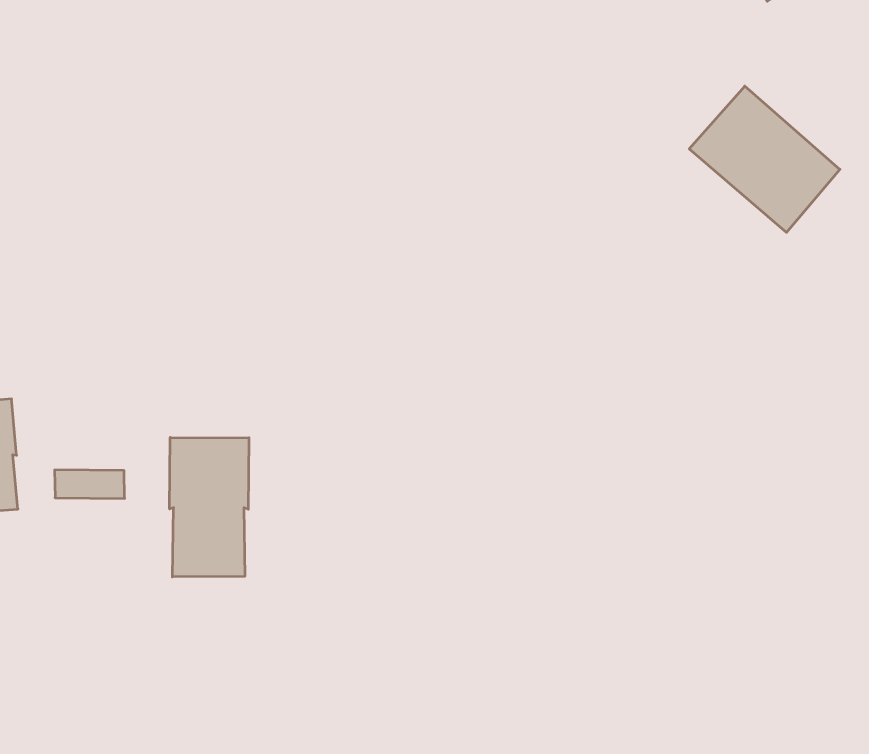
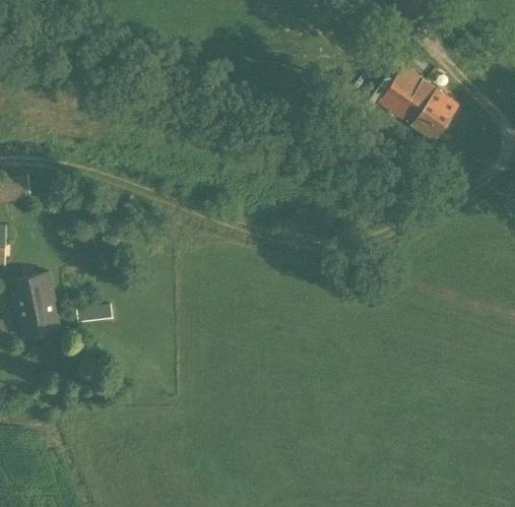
building: [170,437,249,577] -> none

